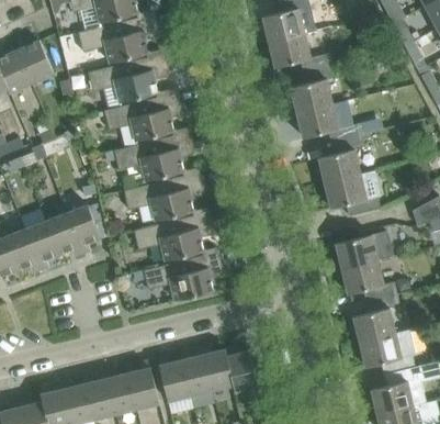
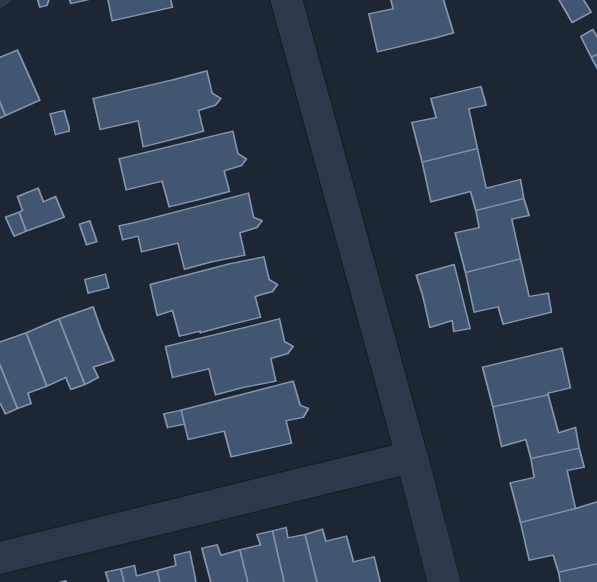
building: [77,15,158,64] -> none
building: [268,34,334,72] -> none
building: none -> [416,264,470,331]

